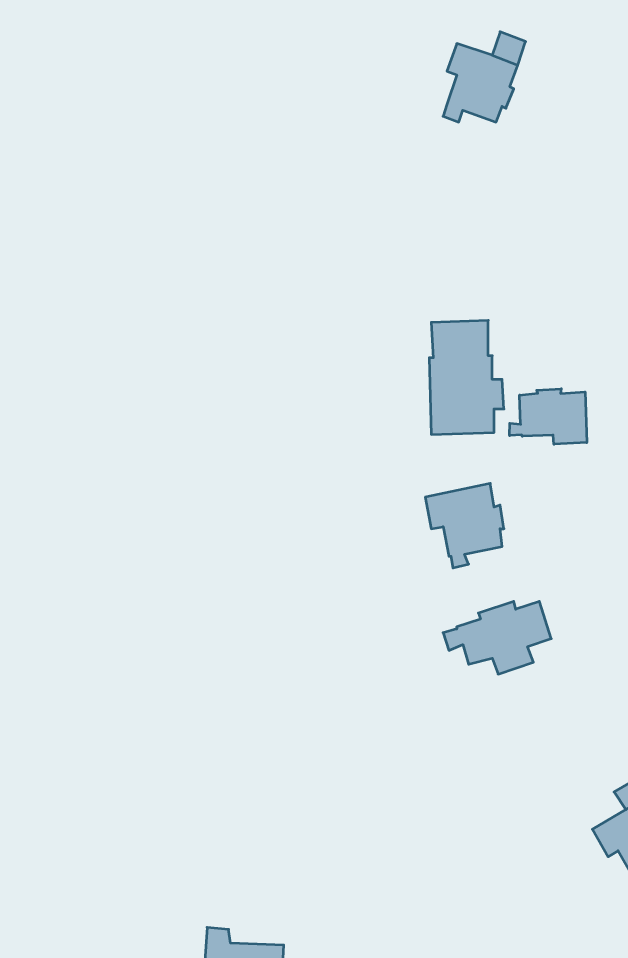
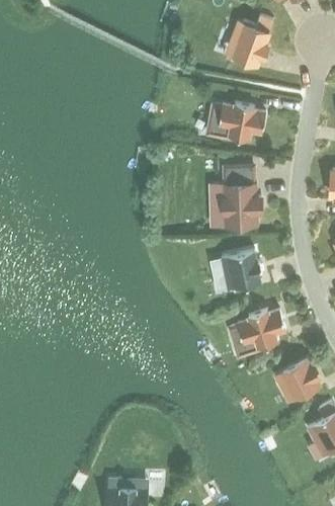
building: none -> [212,104,265,141]
building: [510,389,587,444] -> none
building: none -> [275,361,318,398]

